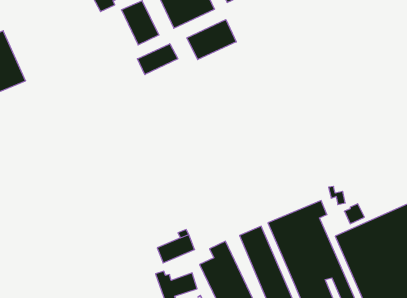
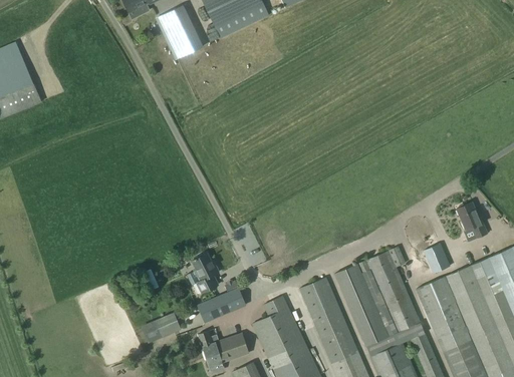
building: [187,20,236,60] -> none
building: [137,44,178,75] -> none
building: none -> [456,202,486,241]
building: none -> [191,252,218,291]
building: none -> [155,314,181,338]

